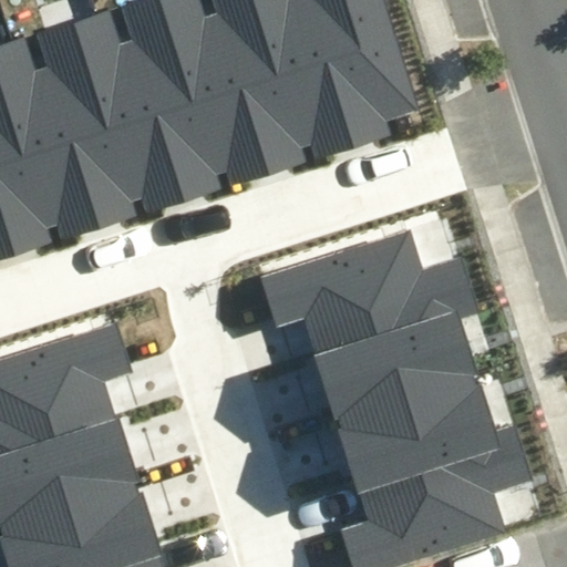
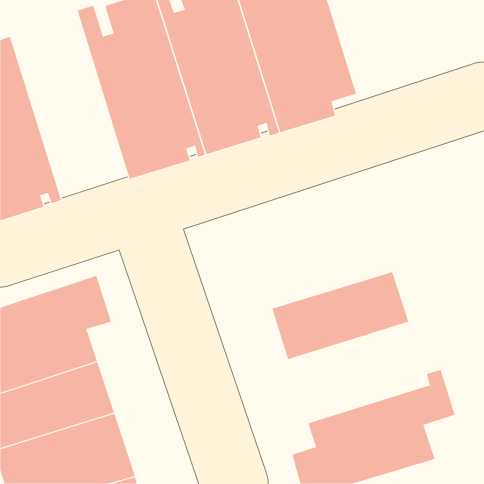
building: [12,12,146,234] -> none
building: [259,230,476,360] -> none
building: [336,375,501,494] -> none

